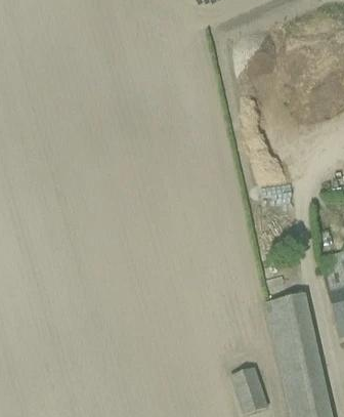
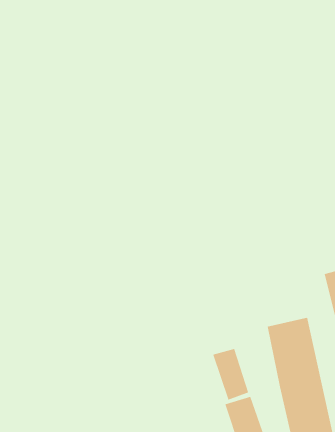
building: none -> [213,348,249,401]

